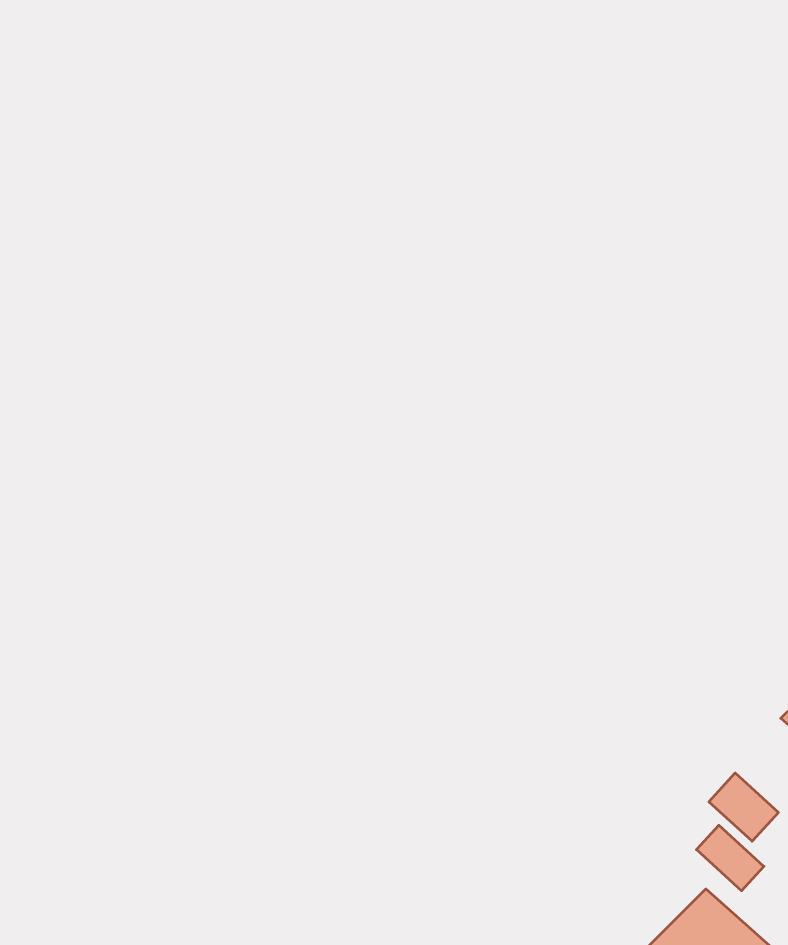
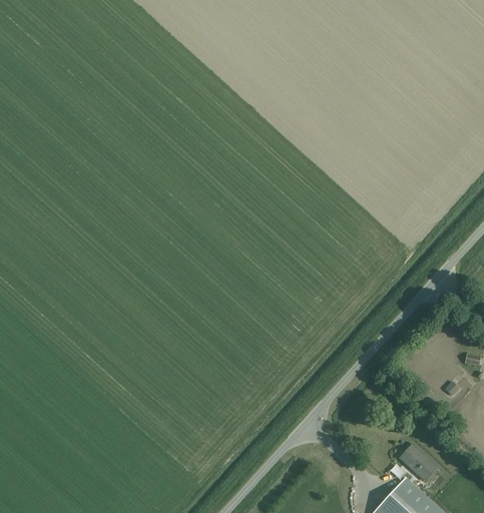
building: [709,773,778,841] -> none

